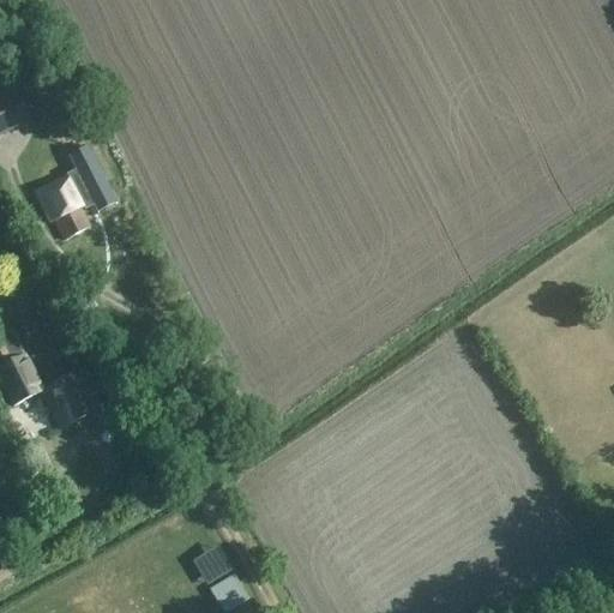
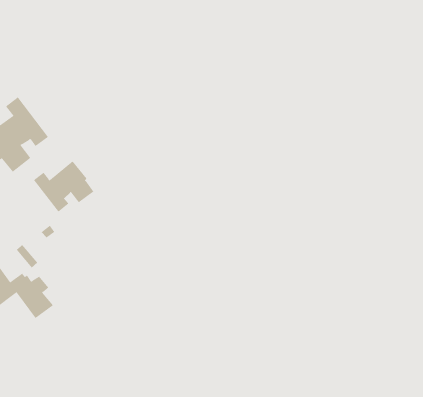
building: none -> [33,161,94,213]

